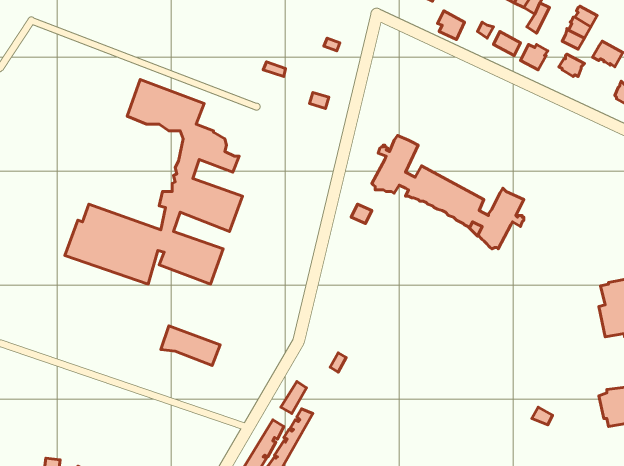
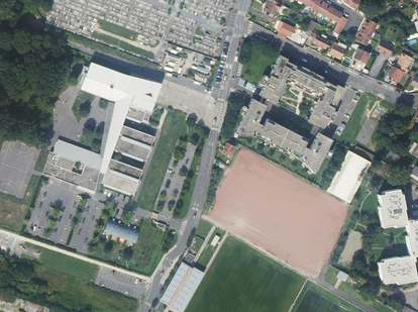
building: none -> [256,56,343,128]
building: none -> [124,79,156,112]
building: none -> [326,150,372,204]

